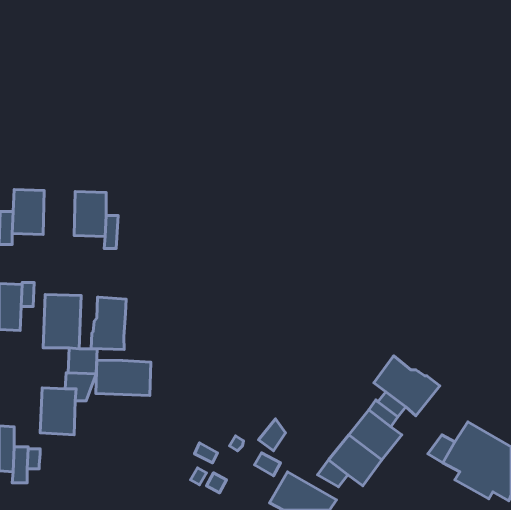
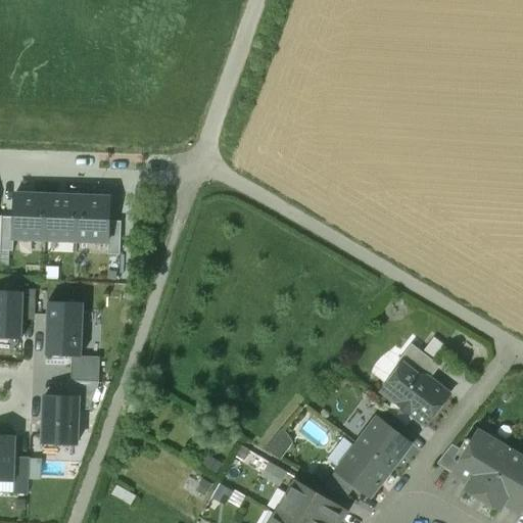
building: none -> [44,194,77,240]
building: [91,297,126,349] -> none
building: none -> [396,342,439,379]
building: [96,360,151,396] -> none

